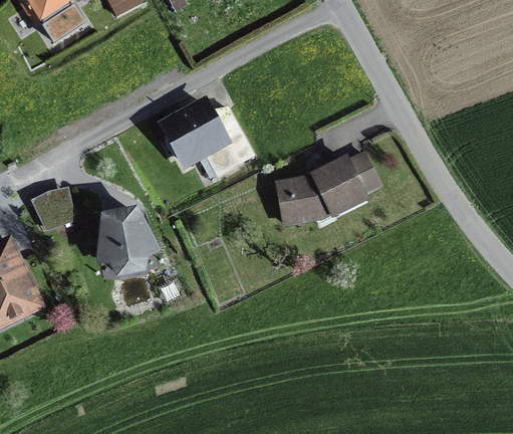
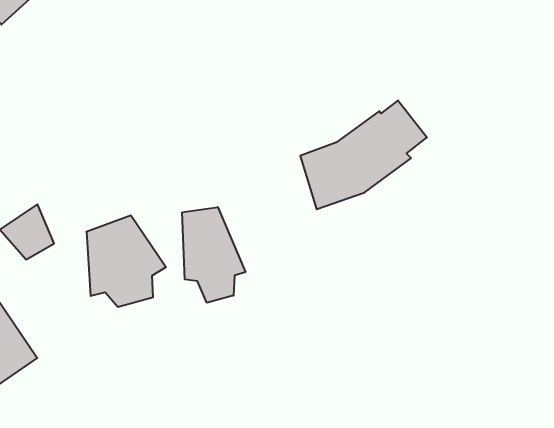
building: [157,95,230,170] -> none
building: none -> [182,207,245,303]

